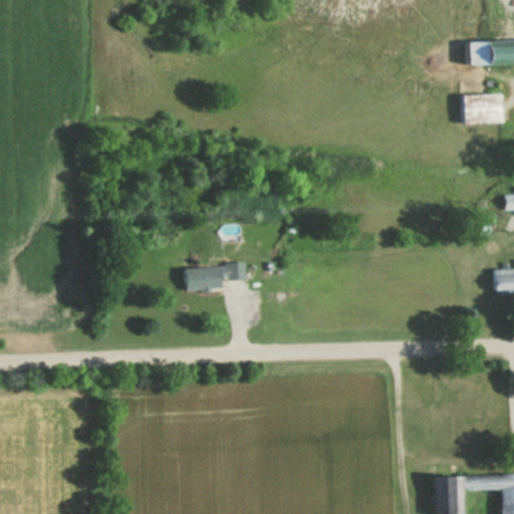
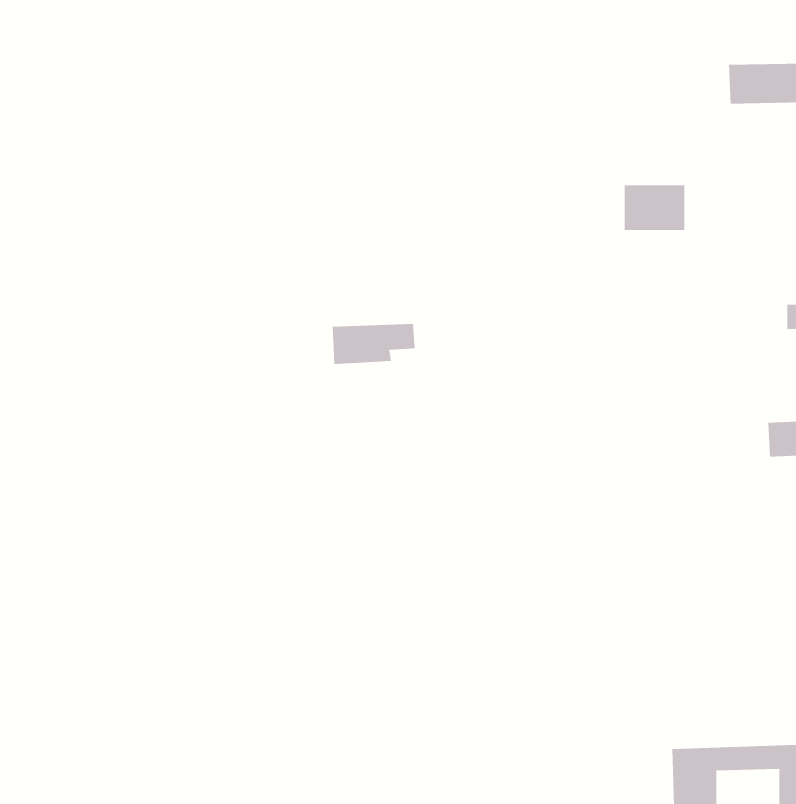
building: [464,95,503,124] -> [624,185,685,231]
building: [187,265,240,291] -> [332,323,415,364]

